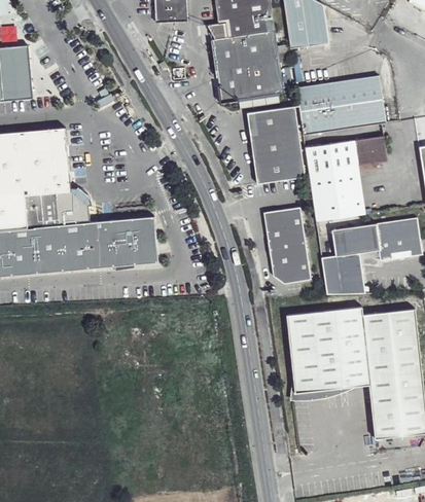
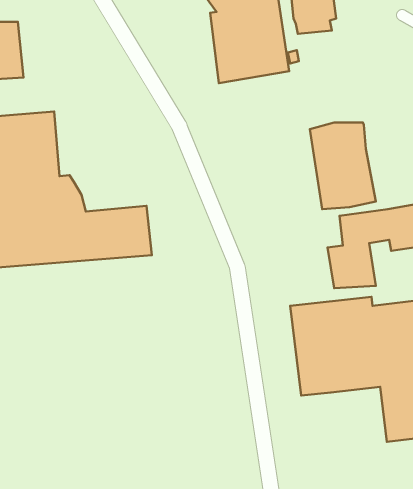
building: [296,74,385,133] -> none
building: [244,105,305,183] -> none
building: [354,139,386,165] -> none
building: [262,205,310,282] -> none

